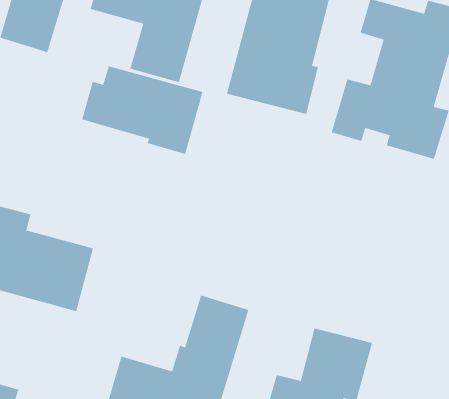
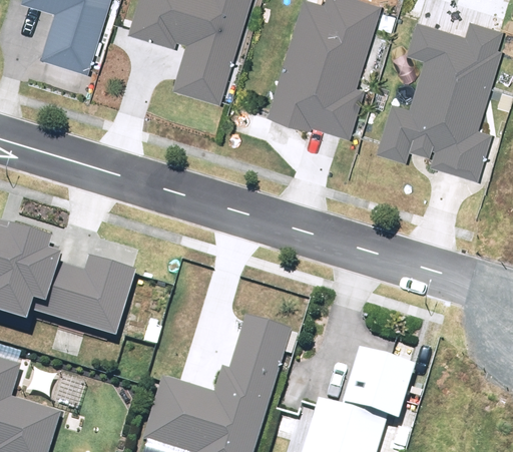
building: [82,65,203,155] -> none

